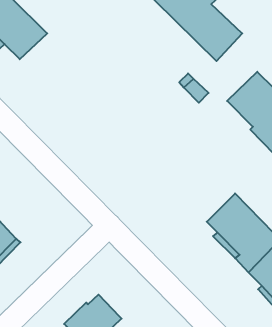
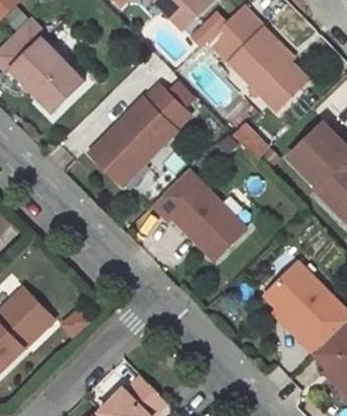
building: none -> [90,87,190,186]
building: none -> [153,168,247,254]

